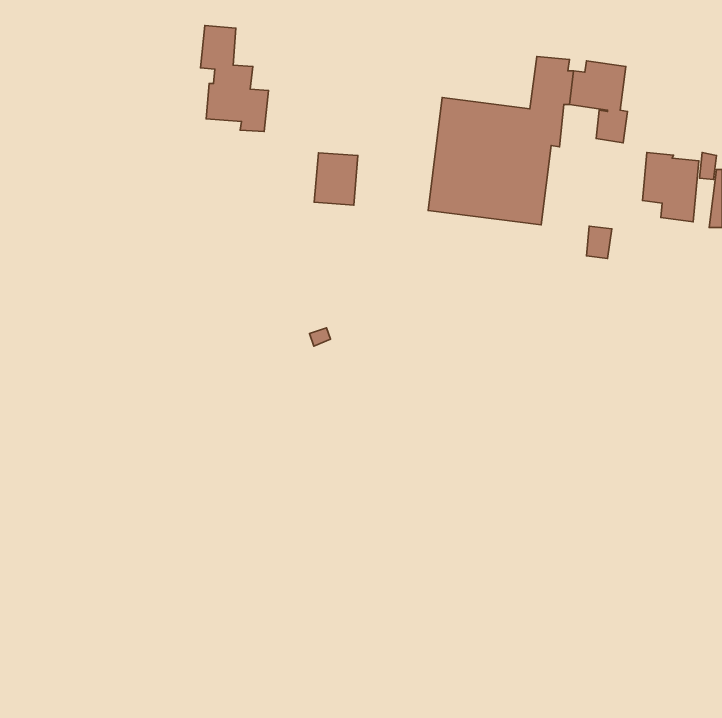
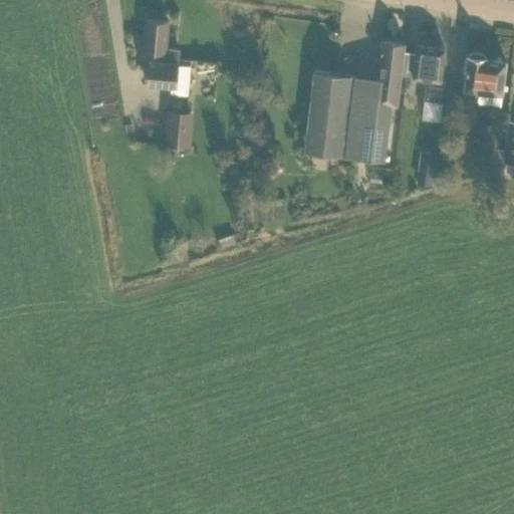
building: [642,152,699,222] -> [465,57,505,106]
building: [314,153,358,205] -> [163,111,194,149]

